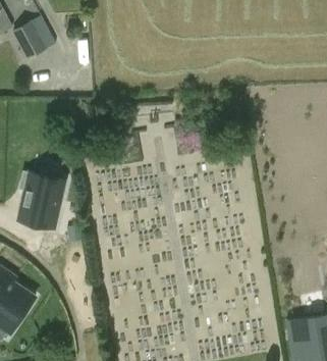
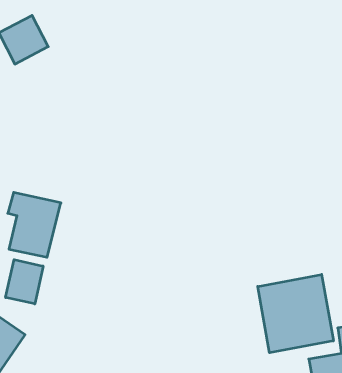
building: none -> [6,260,43,304]
building: none -> [258,274,333,353]

